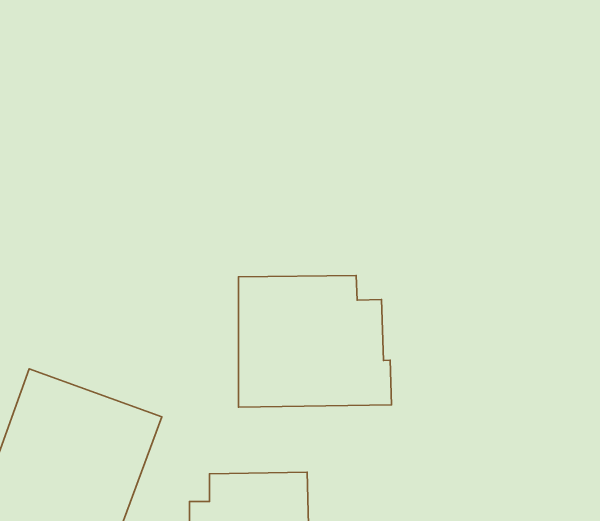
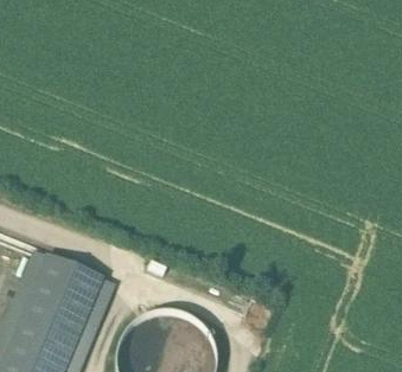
building: [239,275,392,407] -> none

